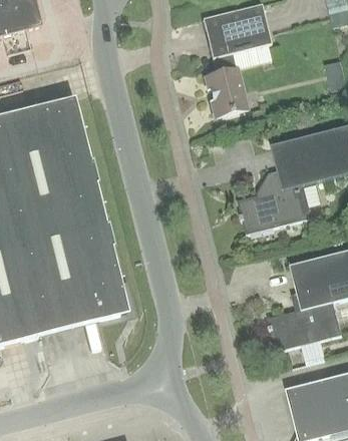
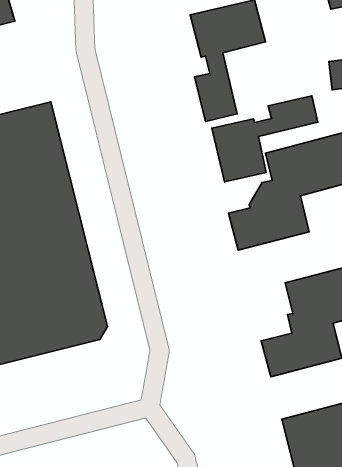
building: none -> [212,96,318,182]

